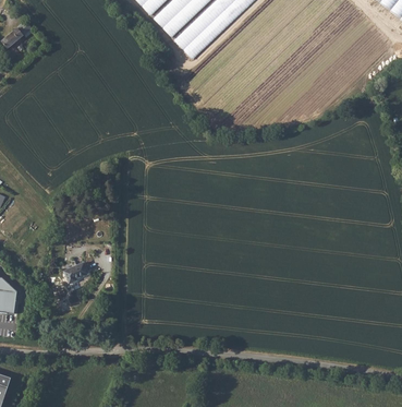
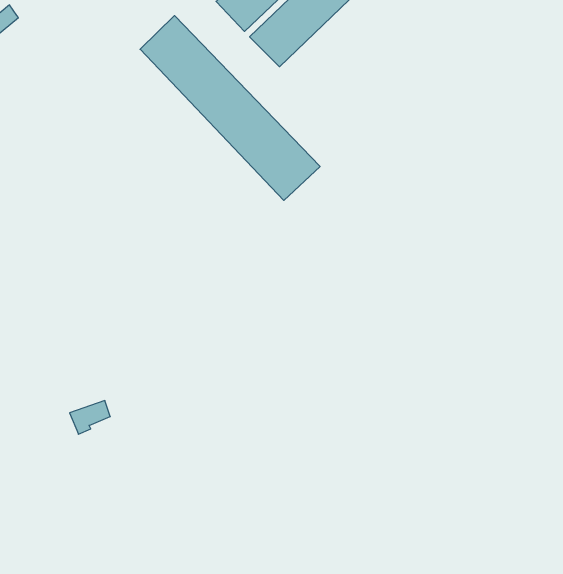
building: none -> [140,16,320,200]

